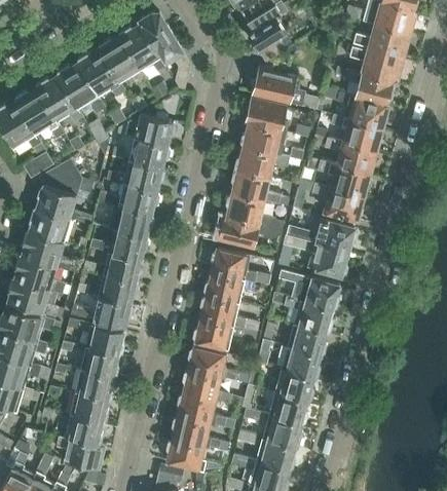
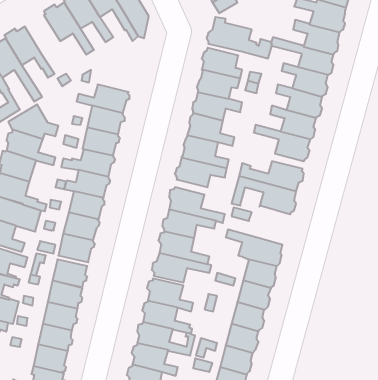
building: [58,64,104,109] -> none
building: [136,114,176,146] -> none
building: [304,277,339,309] -> none

